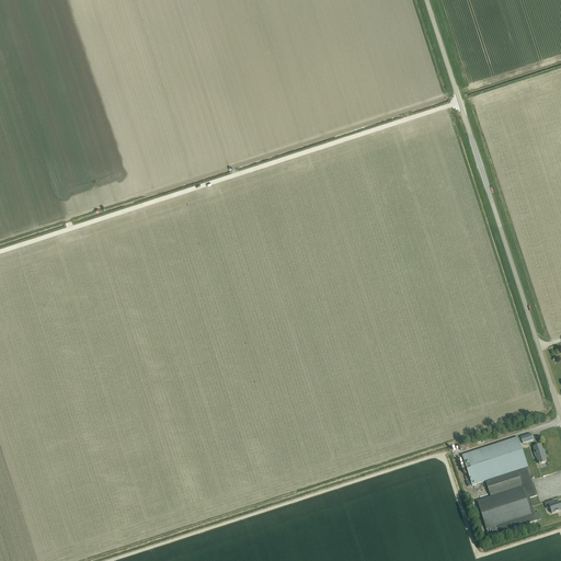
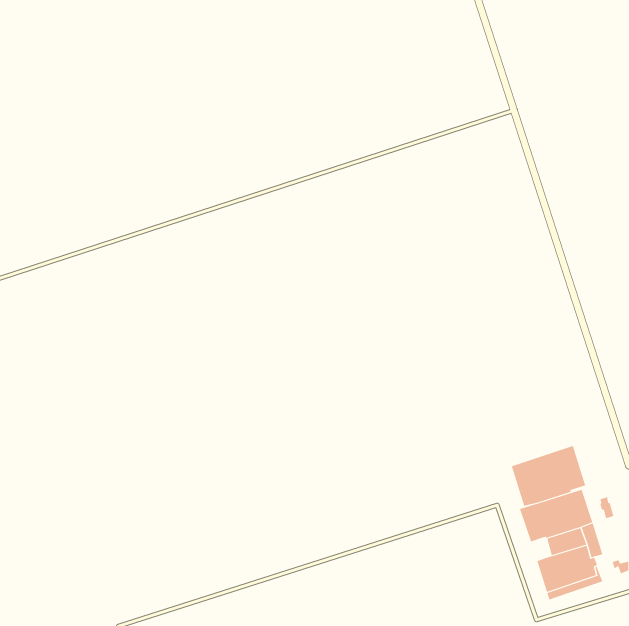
building: none -> [511,445,586,506]

